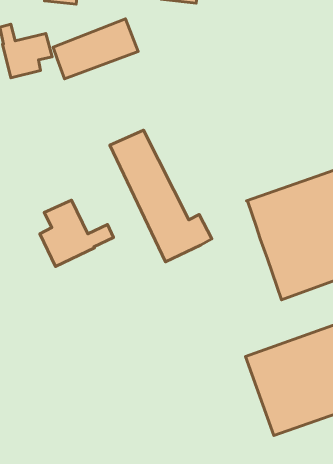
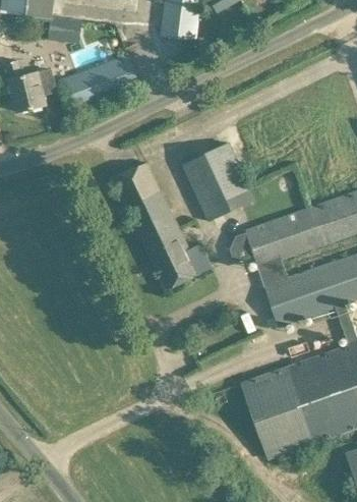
building: none -> [182,143,254,221]
building: [40,200,113,266] -> none

